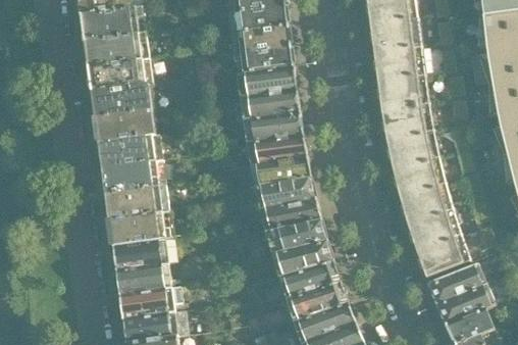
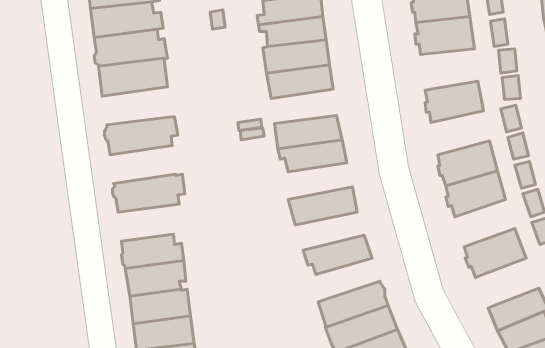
building: [376,77,428,113] -> none
building: [95,110,156,144] -> none
building: [245,112,303,143] -> none
building: [386,132,438,170] -> none
building: [100,162,165,196] -> none
building: [250,178,317,210] -> none
building: [408,210,461,252] -> none
building: [107,213,173,247] -> none
building: [269,221,327,255] -> none
building: [279,262,342,301] -> none
building: [429,269,482,306] -> none

